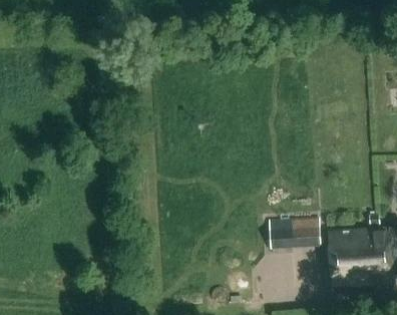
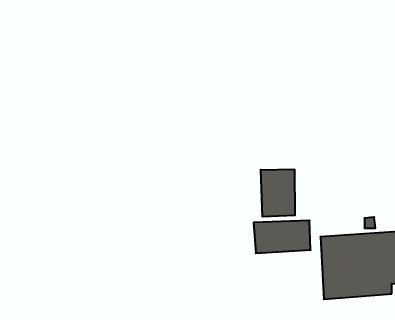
building: none -> [261,169,295,217]

